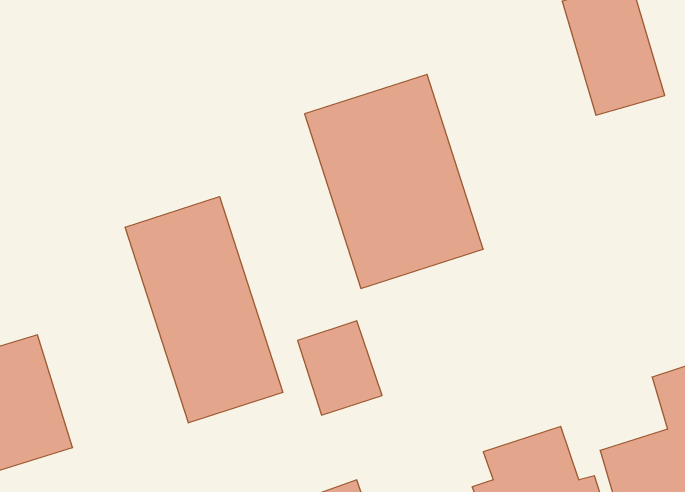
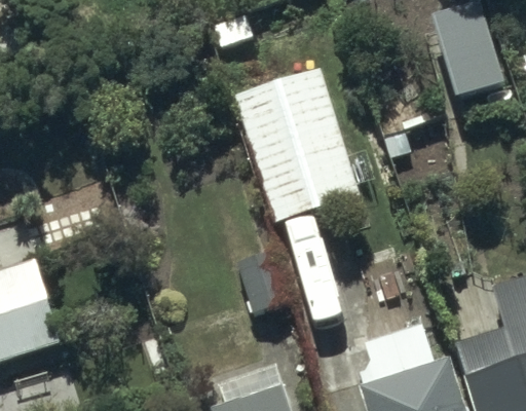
building: [125,197,283,423] -> none

